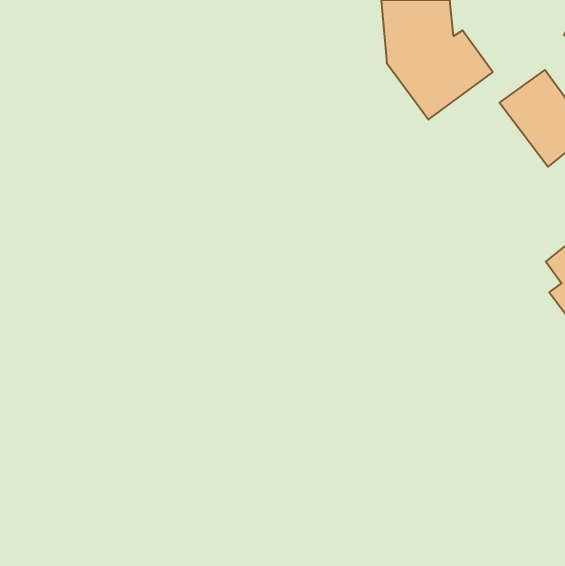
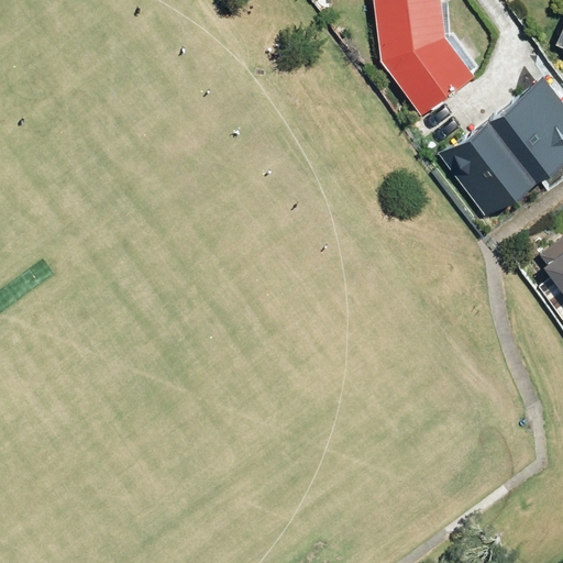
building: none -> [437,115,537,217]

